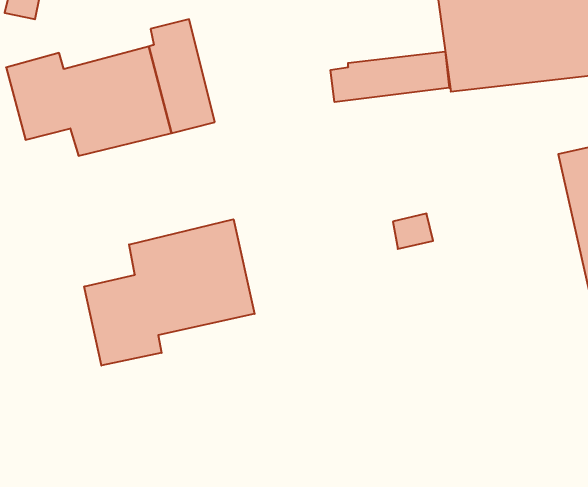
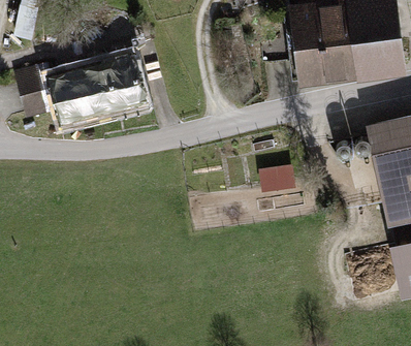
building: [331,51,449,102] -> none
building: [84,219,255,366] -> none

